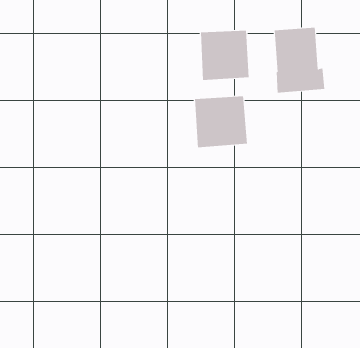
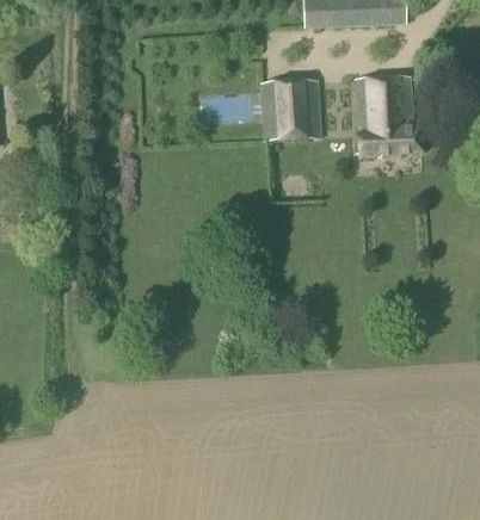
building: [194,95,247,148] -> none

